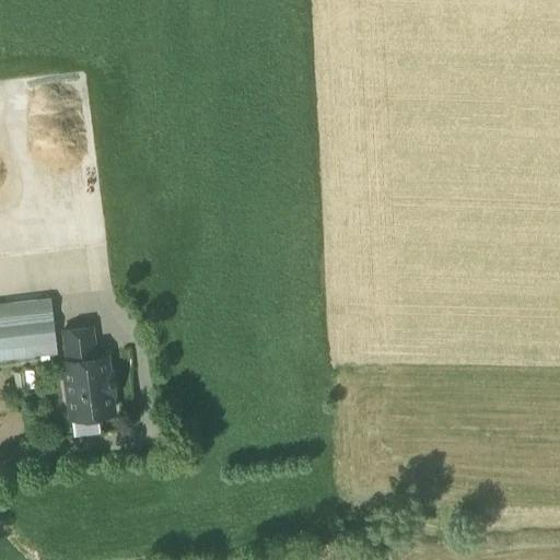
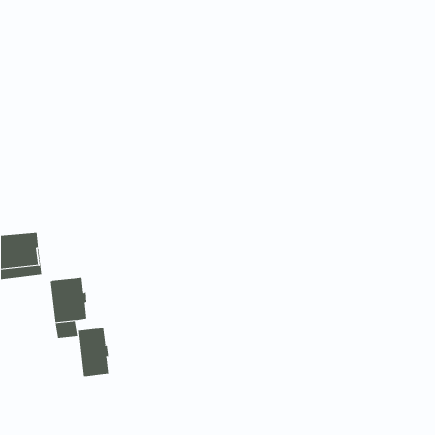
building: [63,327,96,361] -> none
building: none -> [78,327,109,377]

